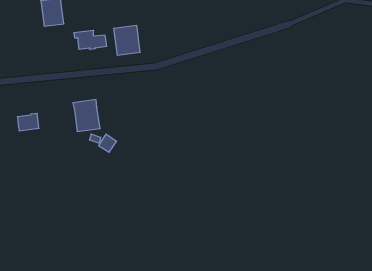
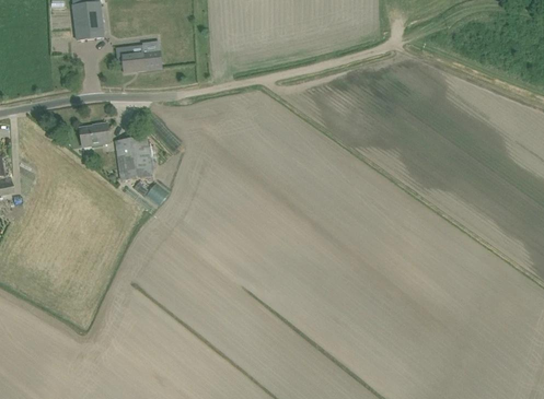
building: [114,25,140,55] -> none
building: [17,113,39,131] -> [80,122,108,145]

